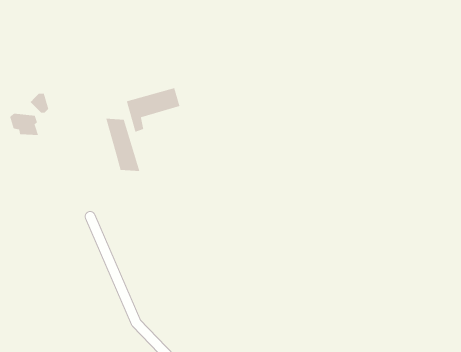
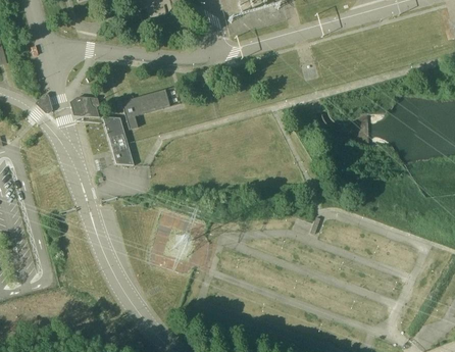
building: [9,113,39,136] -> [73,95,100,115]

